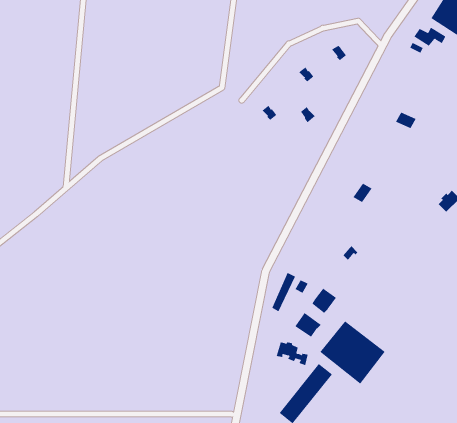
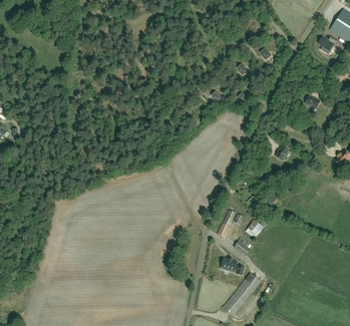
building: [320,320,385,385] -> none

